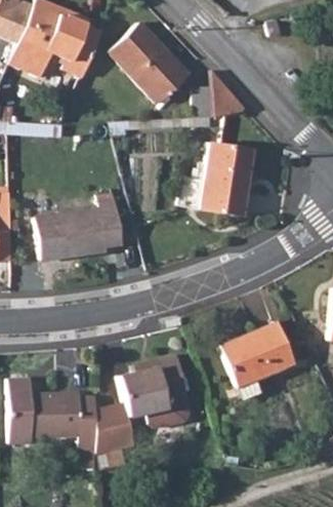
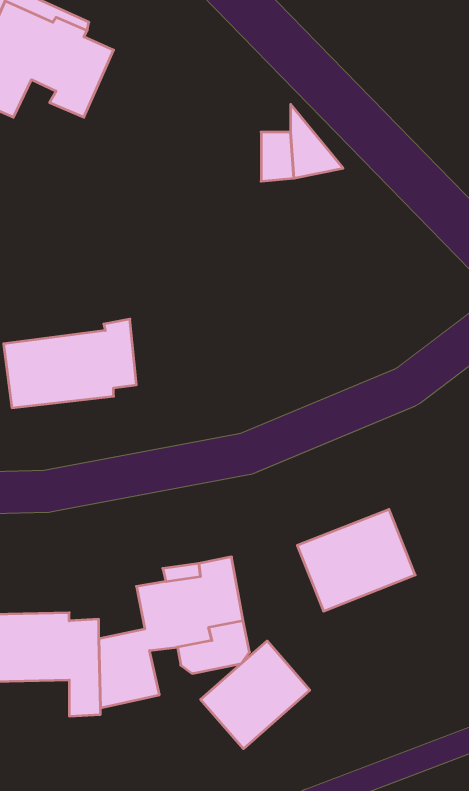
building: [113,24,191,103] -> none
building: [200,144,256,217] -> none
building: none -> [201,641,310,749]

